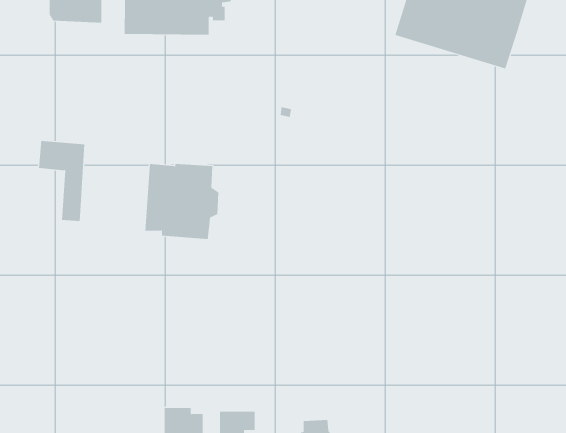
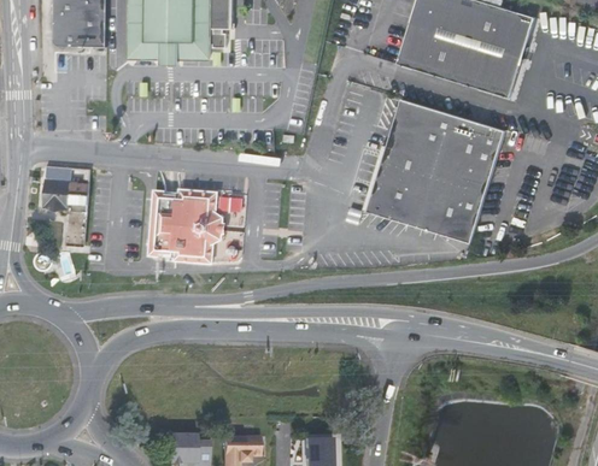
building: none -> [365,100,504,243]

